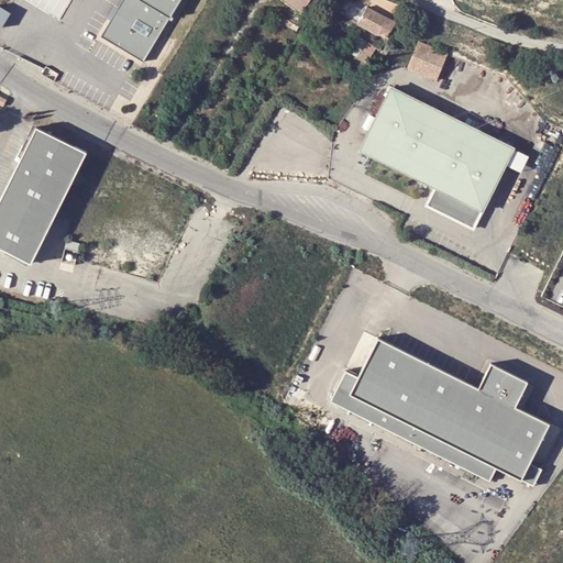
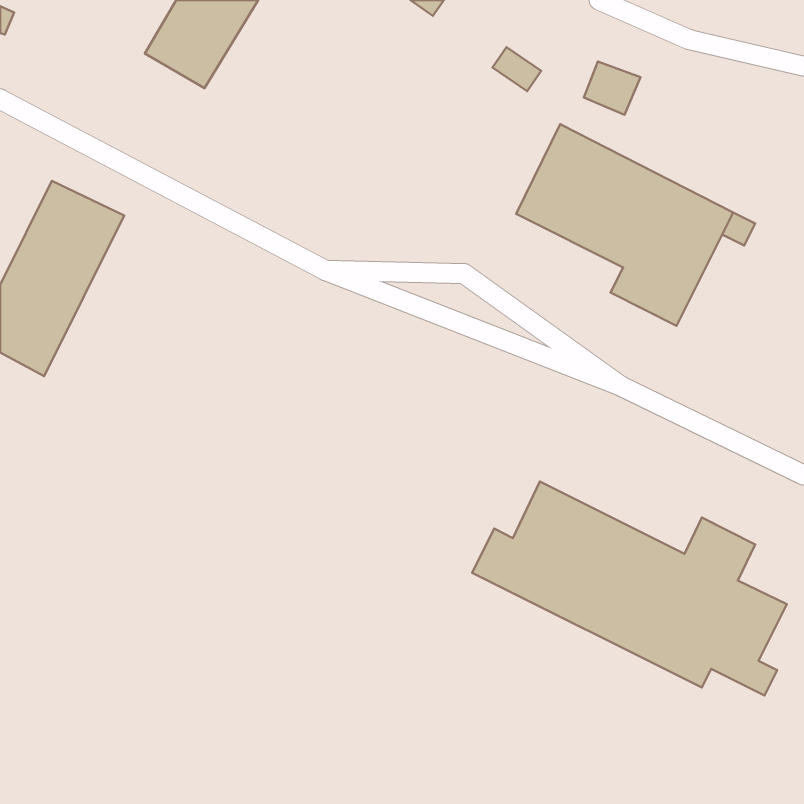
building: [358,7,395,38] -> none

